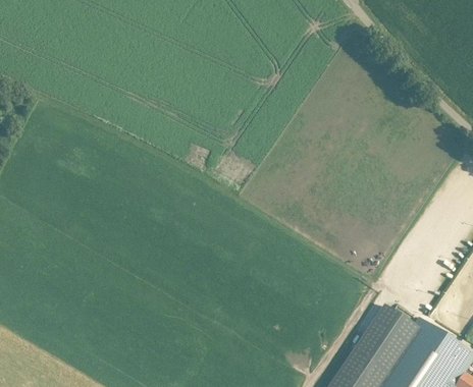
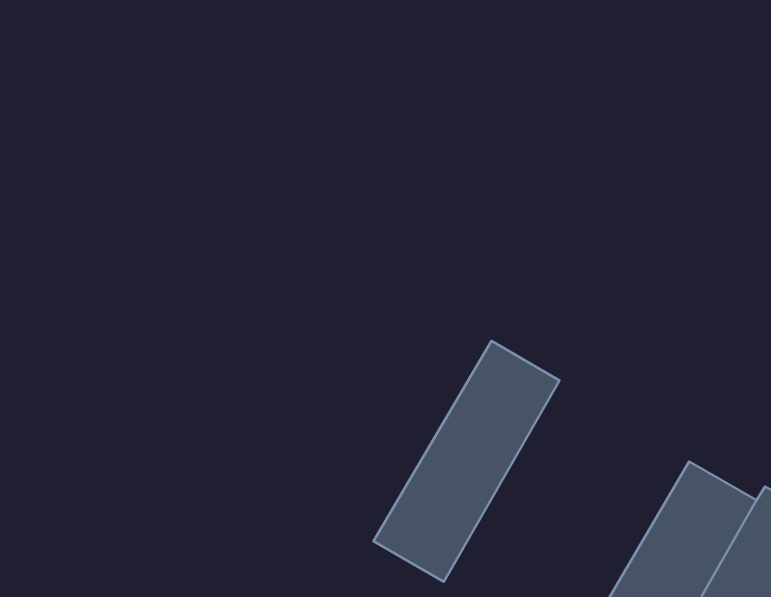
building: none -> [373,341,559,582]

